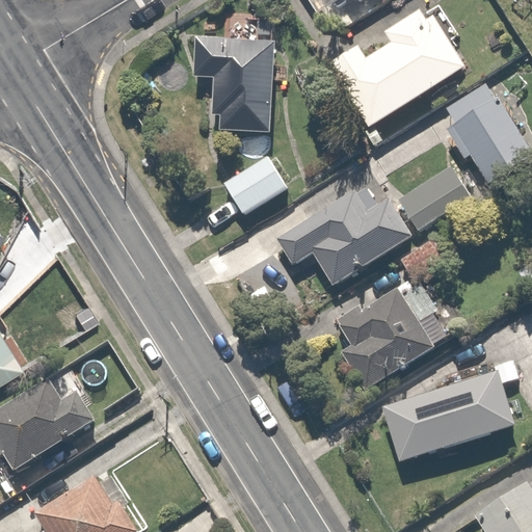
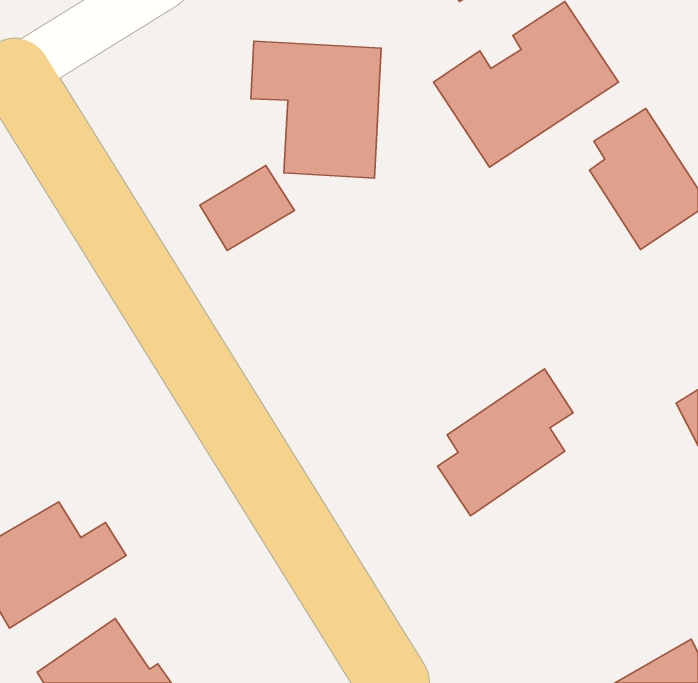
building: [217,152,289,216] -> [200,165,294,250]
building: [403,166,469,223] -> none
building: [269,194,411,286] -> none
building: [373,375,513,459] -> none

